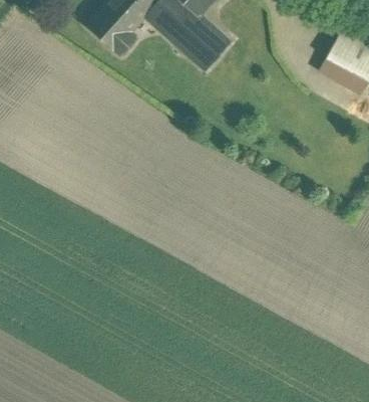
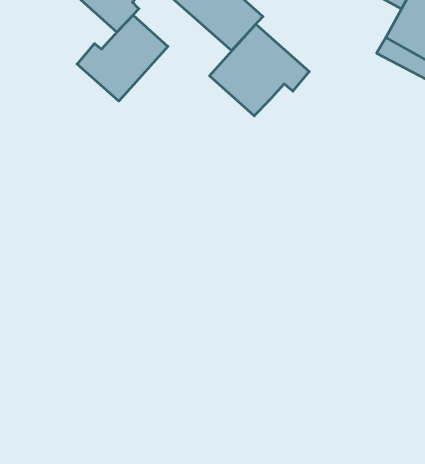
building: none -> [77,15,168,101]
building: none -> [210,24,309,116]

